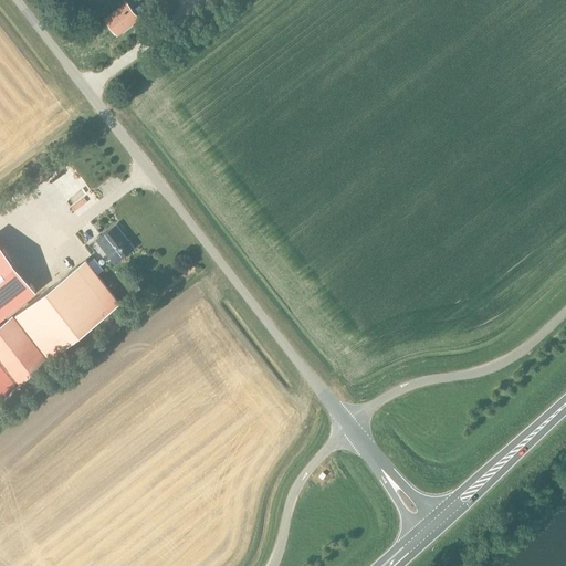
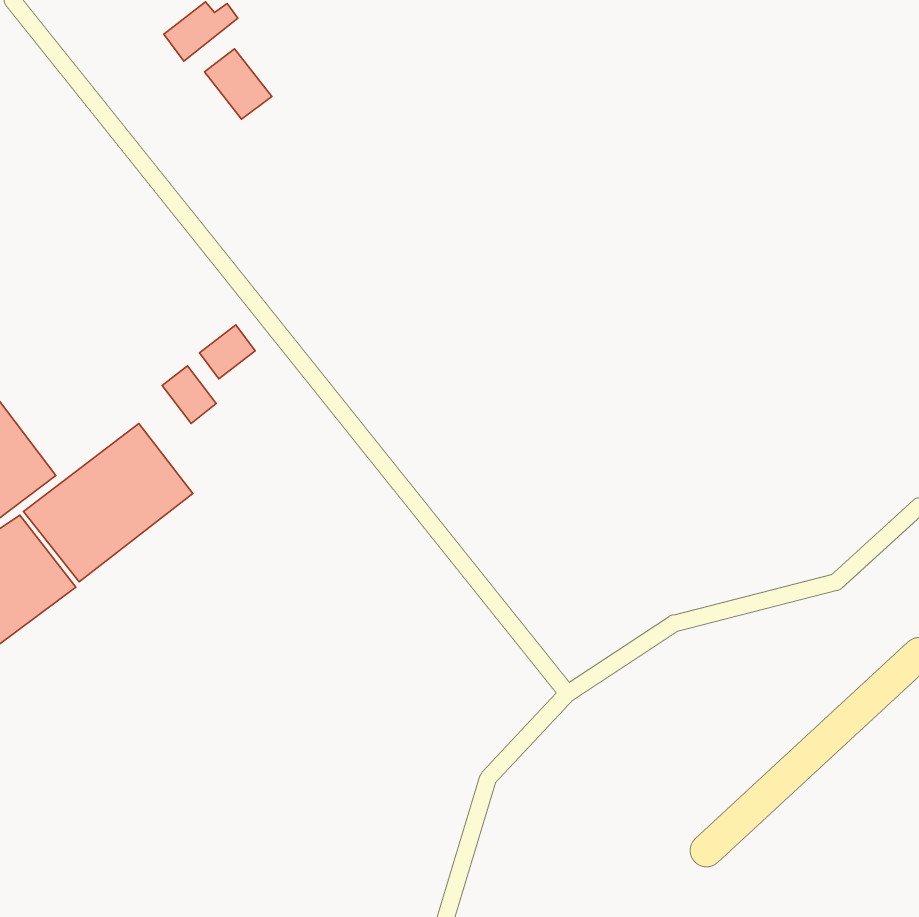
building: none -> [204,49,272,119]
building: none -> [199,325,255,379]

